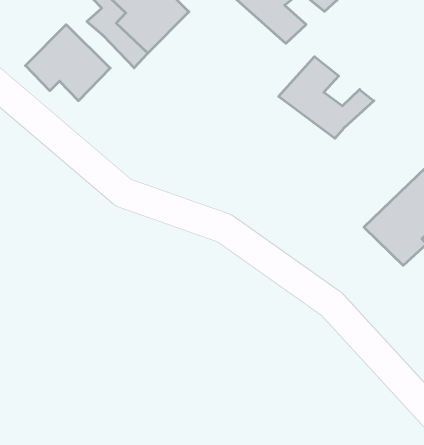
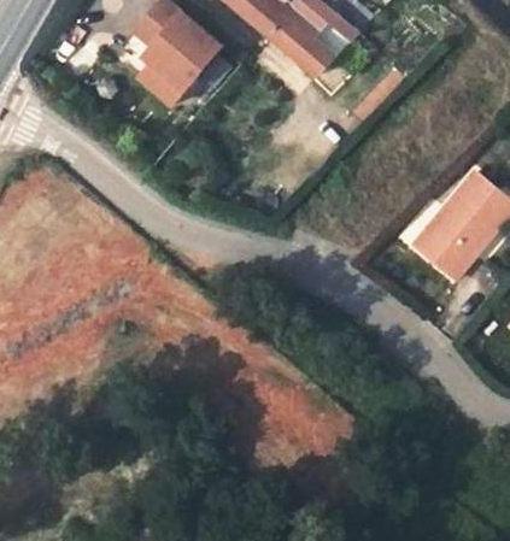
building: [25,25,110,101] -> none
building: [279,57,374,138] -> none

